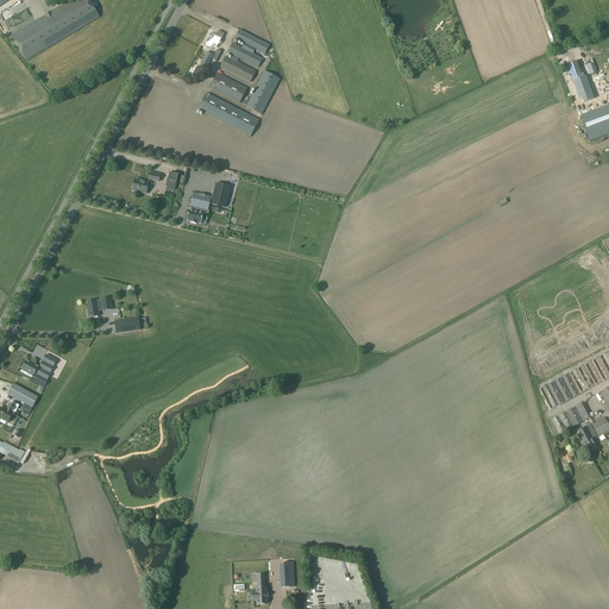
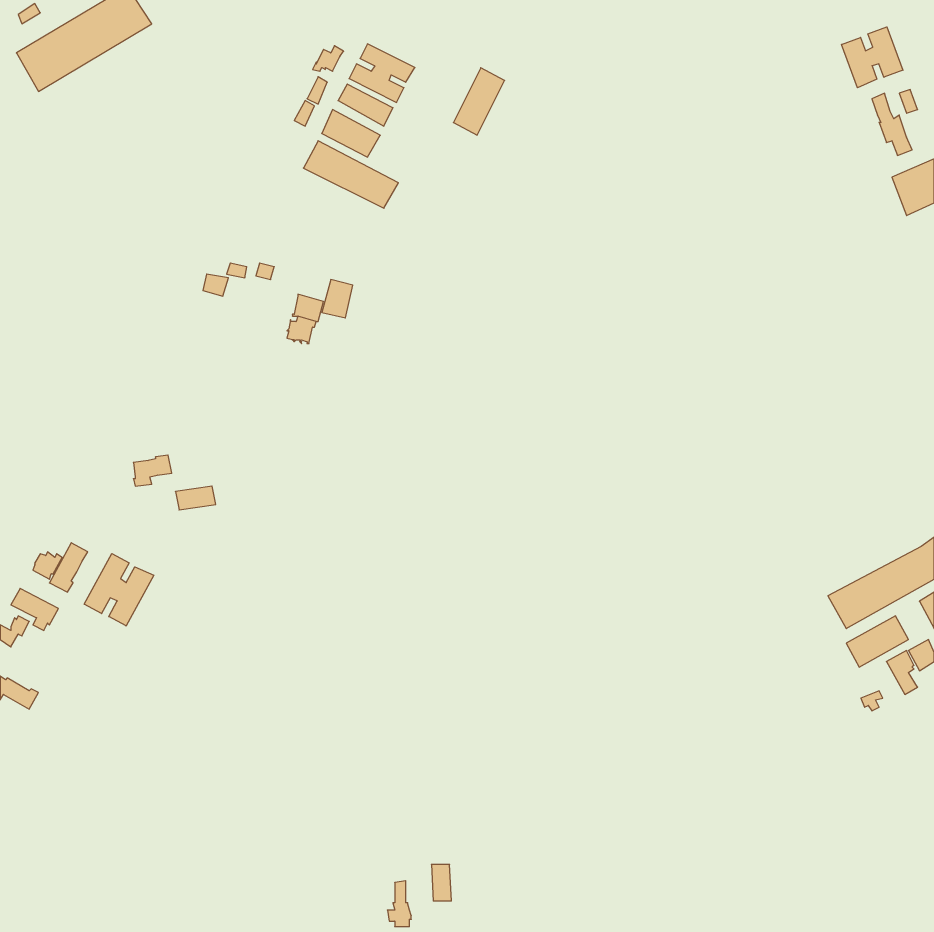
building: none -> [842,27,903,88]
building: [246,70,280,114] -> [453,68,505,135]
building: none -> [84,554,154,626]

